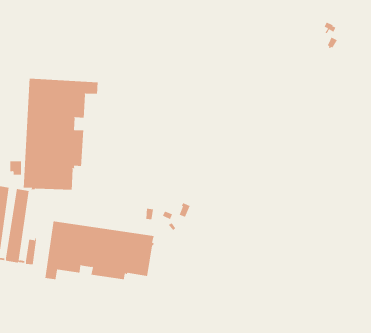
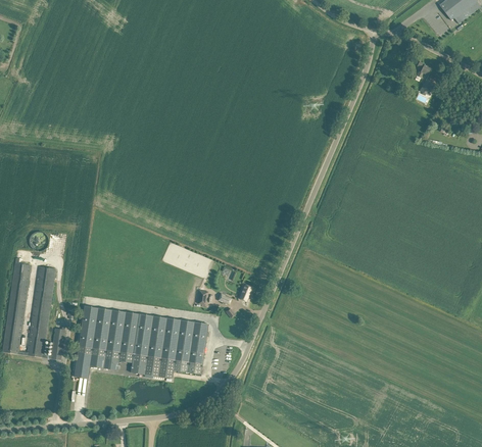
building: [23,78,98,191] -> none

